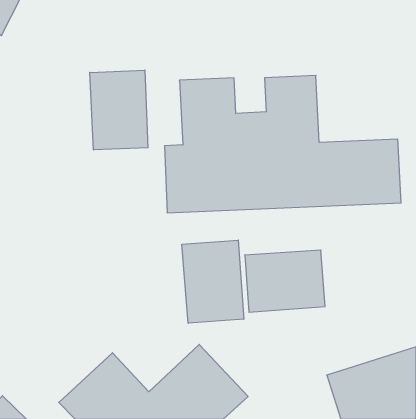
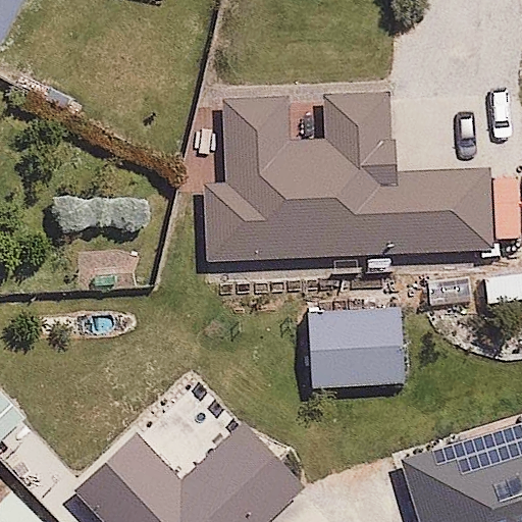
building: [90,70,148,150] -> none
building: [182,240,244,323] -> none

